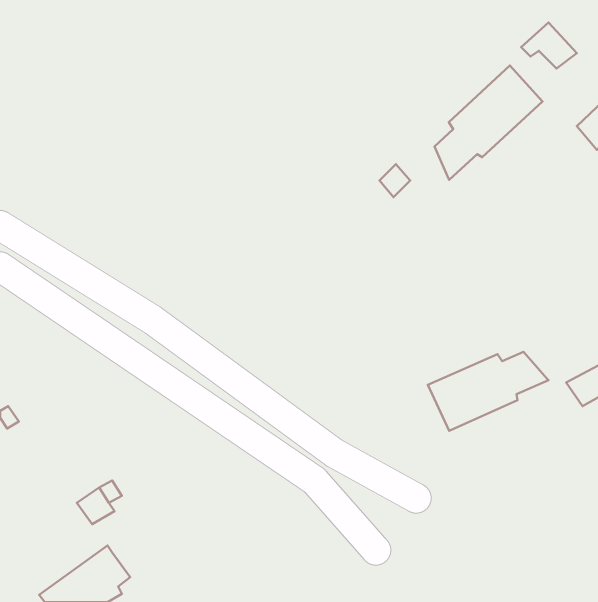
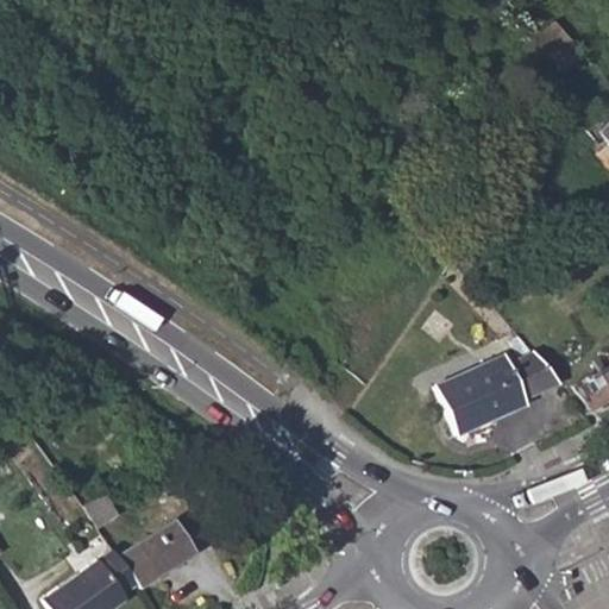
building: [435,65,542,180] -> none
building: none -> [119,519,197,588]

